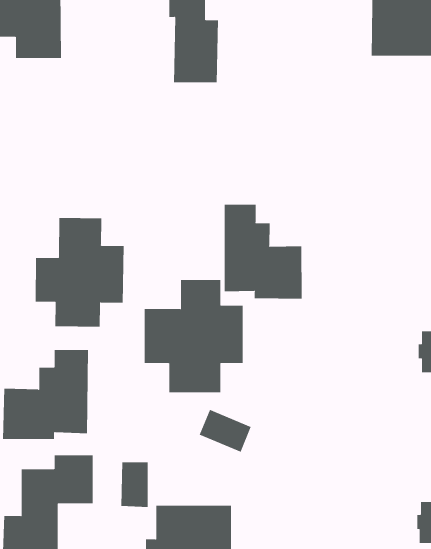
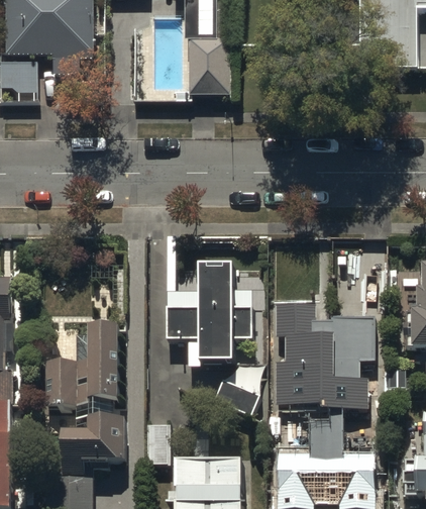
building: [224,204,302,299] -> none
building: [35,217,124,328] -> none
building: none -> [274,302,374,489]

